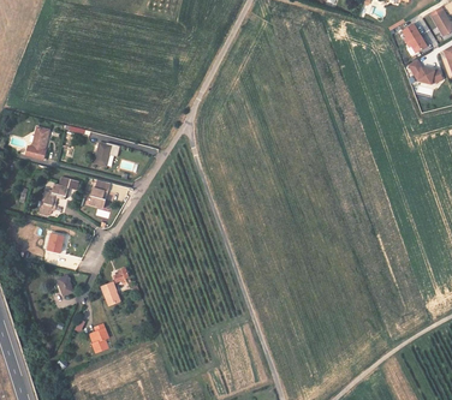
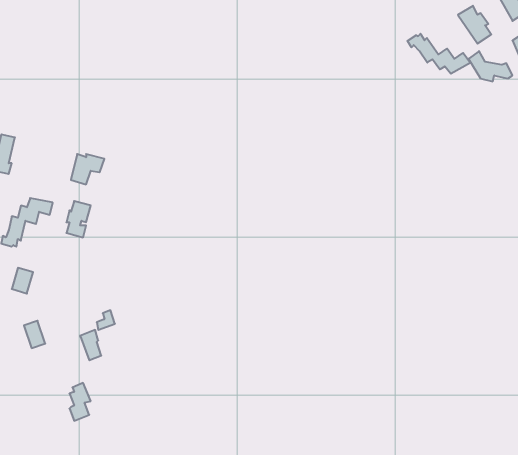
building: none -> [407,34,471,74]

